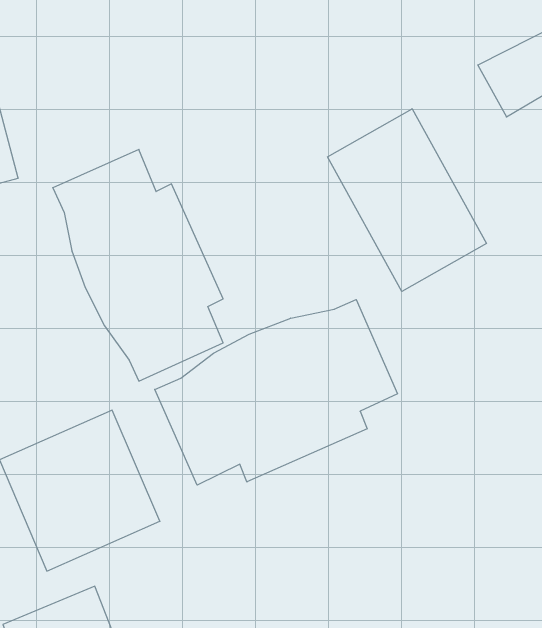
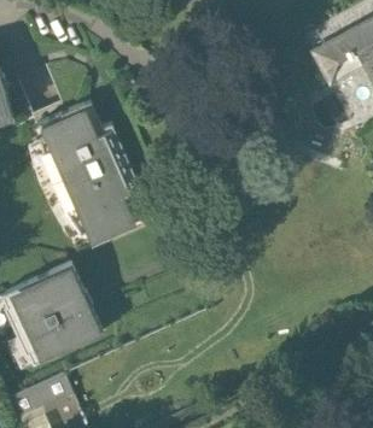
building: [328,109,486,291] -> none
building: [155,300,397,485] -> none

